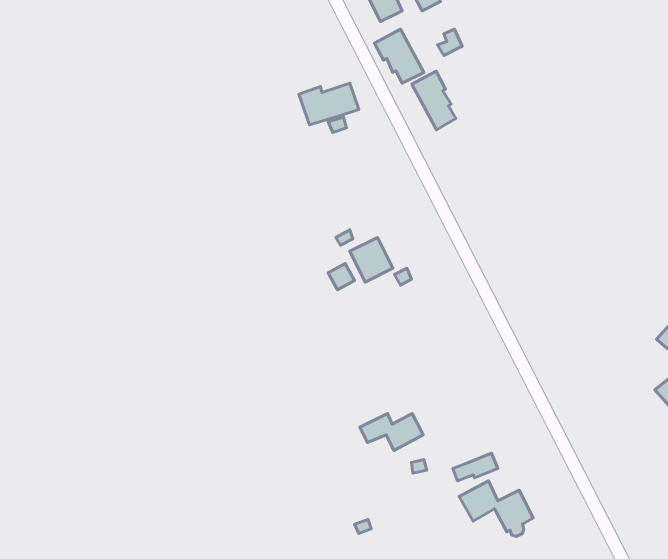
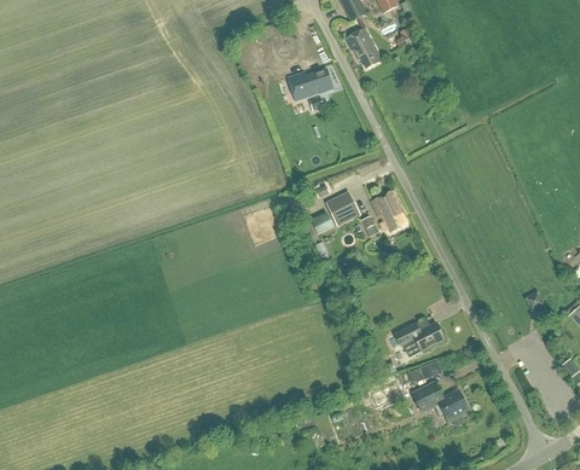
building: [412,71,456,130] -> none
building: none -> [371,188,406,232]
building: [360,413,423,450] -> [394,321,443,350]

